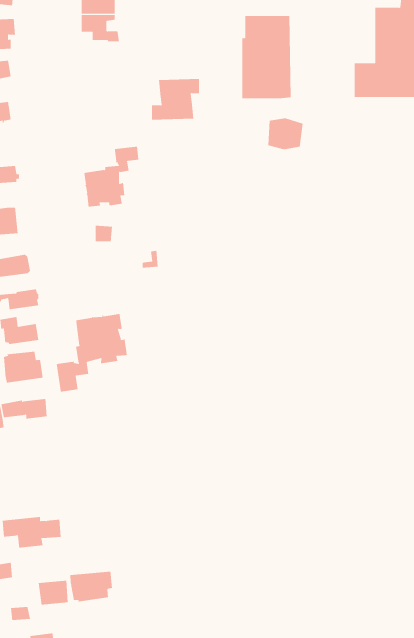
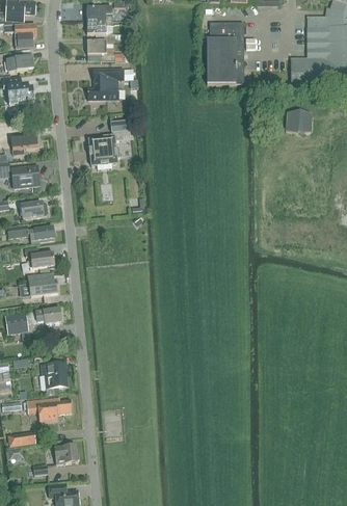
building: none -> [86,39,114,60]
building: [151,78,200,120] -> [87,68,124,99]
building: [267,118,303,150] -> [286,109,313,133]
building: [56,313,128,393] -> none
building: none -> [39,361,68,388]
building: [70,571,112,602] -> none

